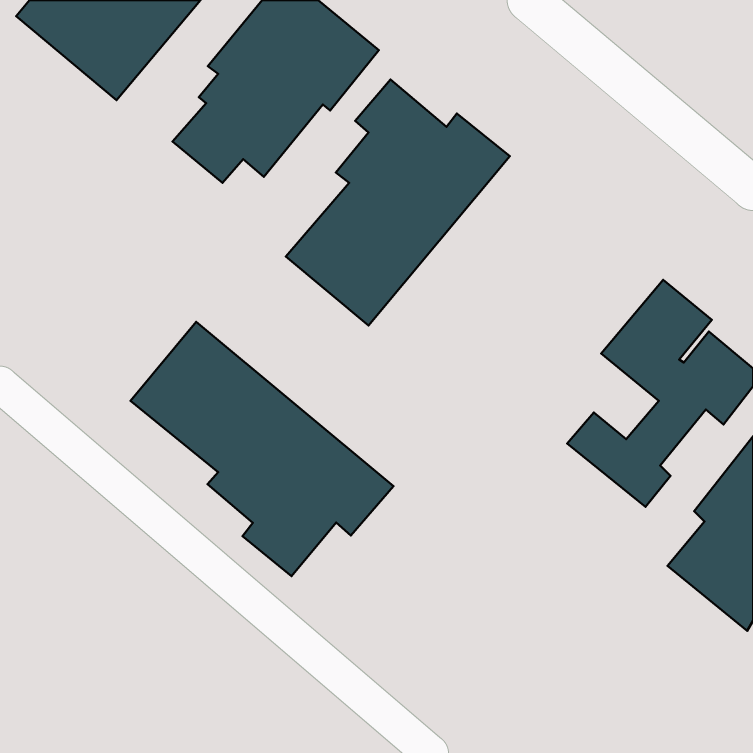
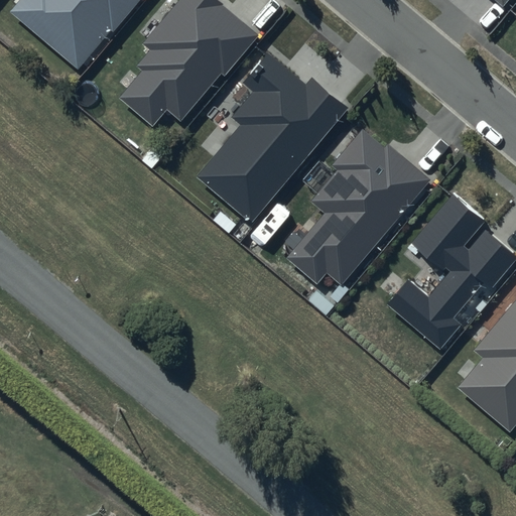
building: none -> [286,128,433,286]
building: [131,322,393,576] -> none

